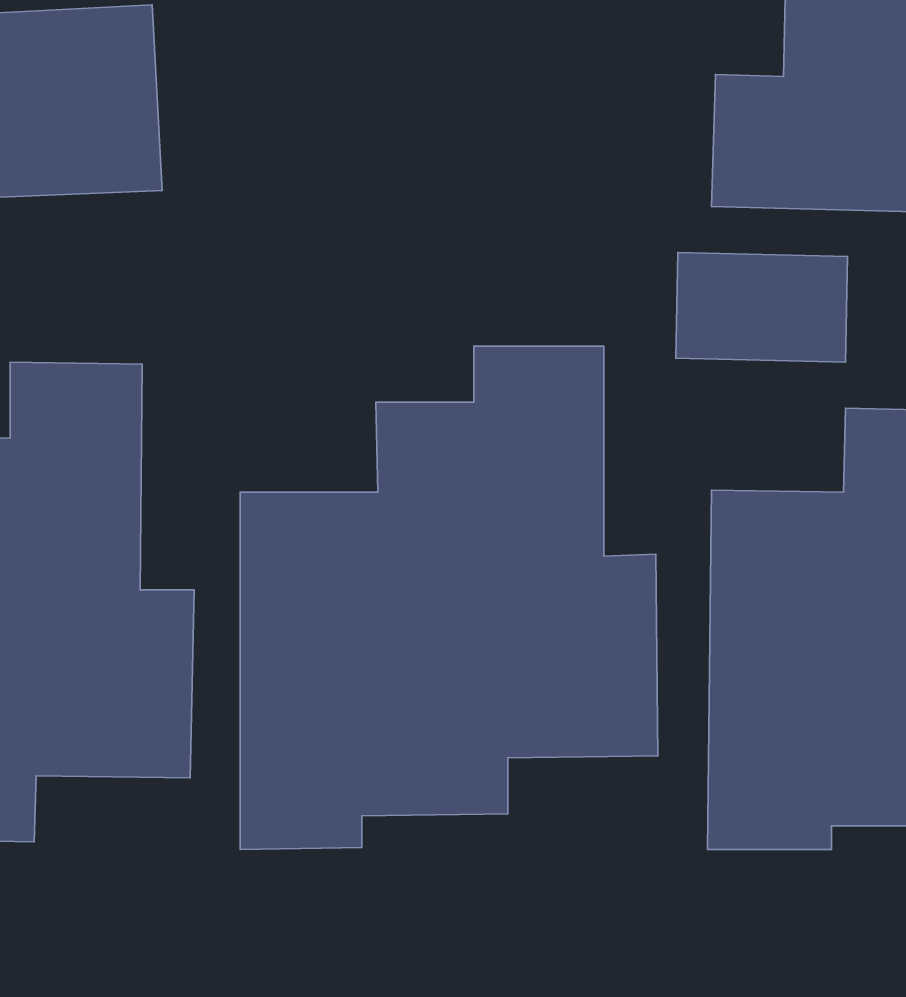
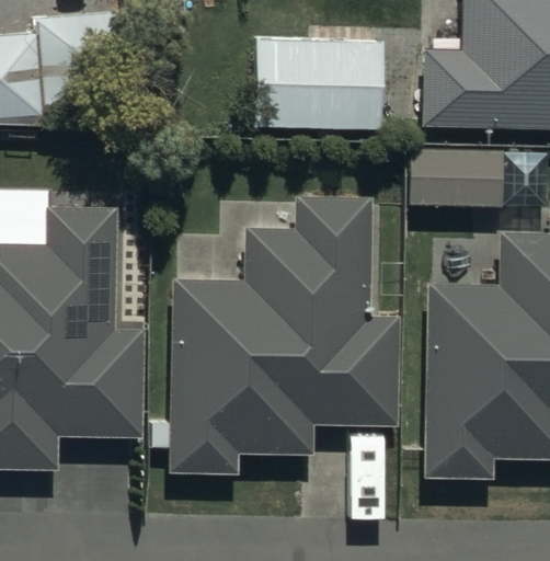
building: none -> [255,36,388,131]

